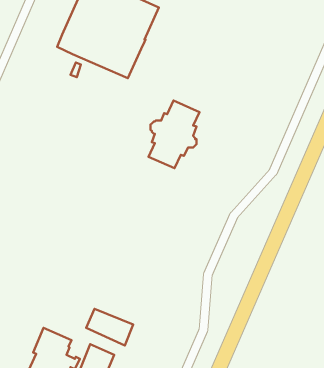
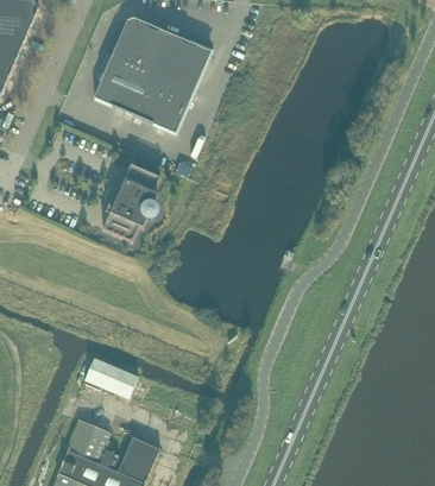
building: [149,101,199,168] -> [102,163,160,240]
building: [86,309,133,345] -> [83,355,137,397]

